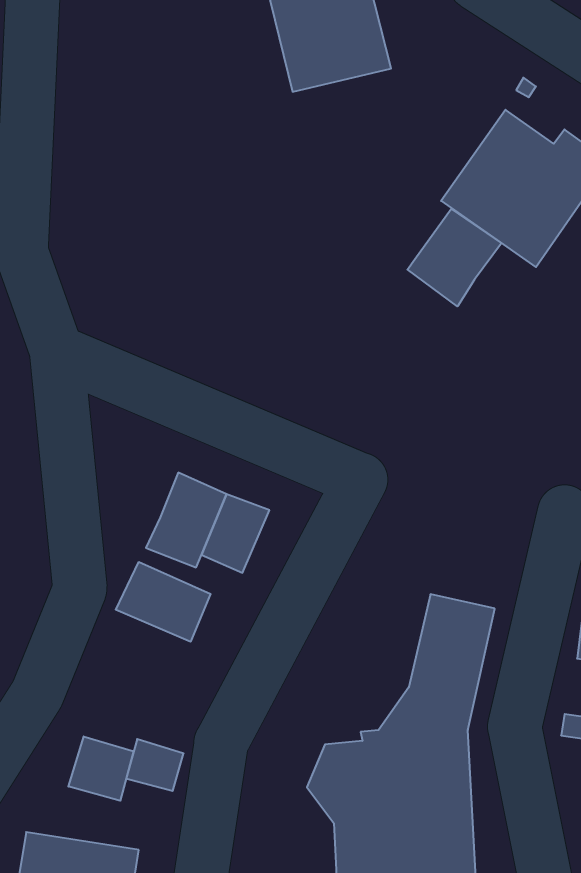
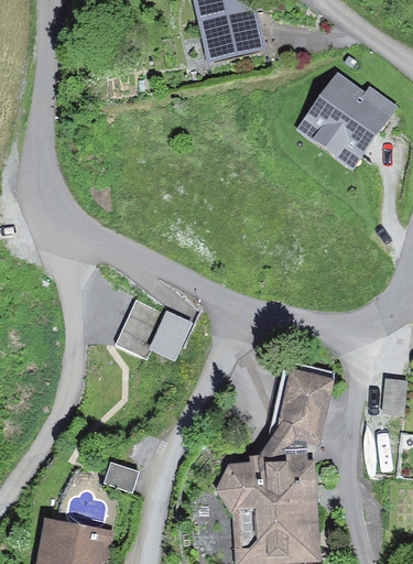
building: [407,209,502,306] -> none
building: [116,562,211,642] -> none
building: [68,736,134,801] -> none

